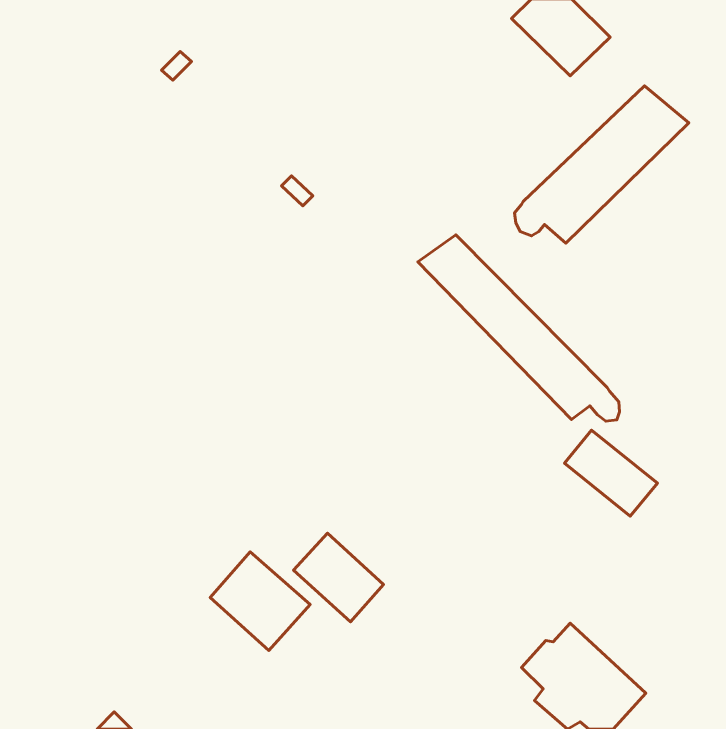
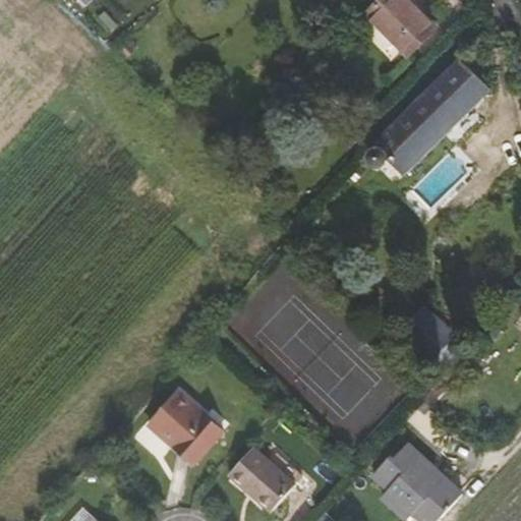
building: [418,235,619,421] -> none
building: [293,533,383,622] -> [229,448,293,511]

